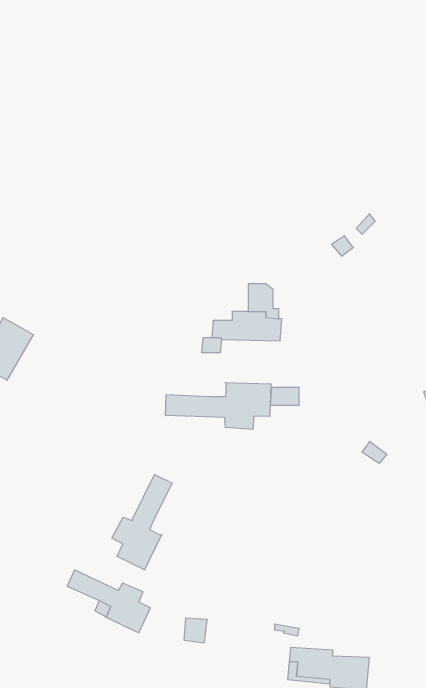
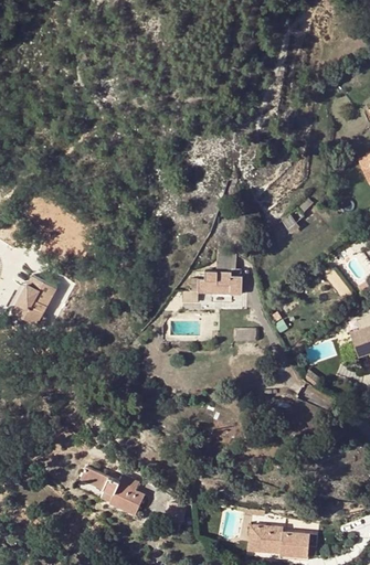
building: [165,383,271,429] -> none
building: [112,474,172,570] -> none

